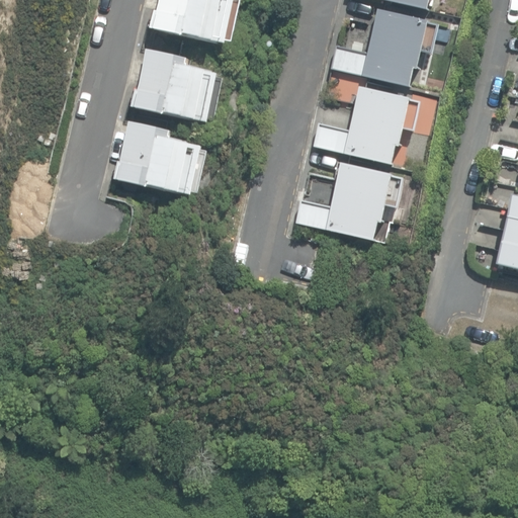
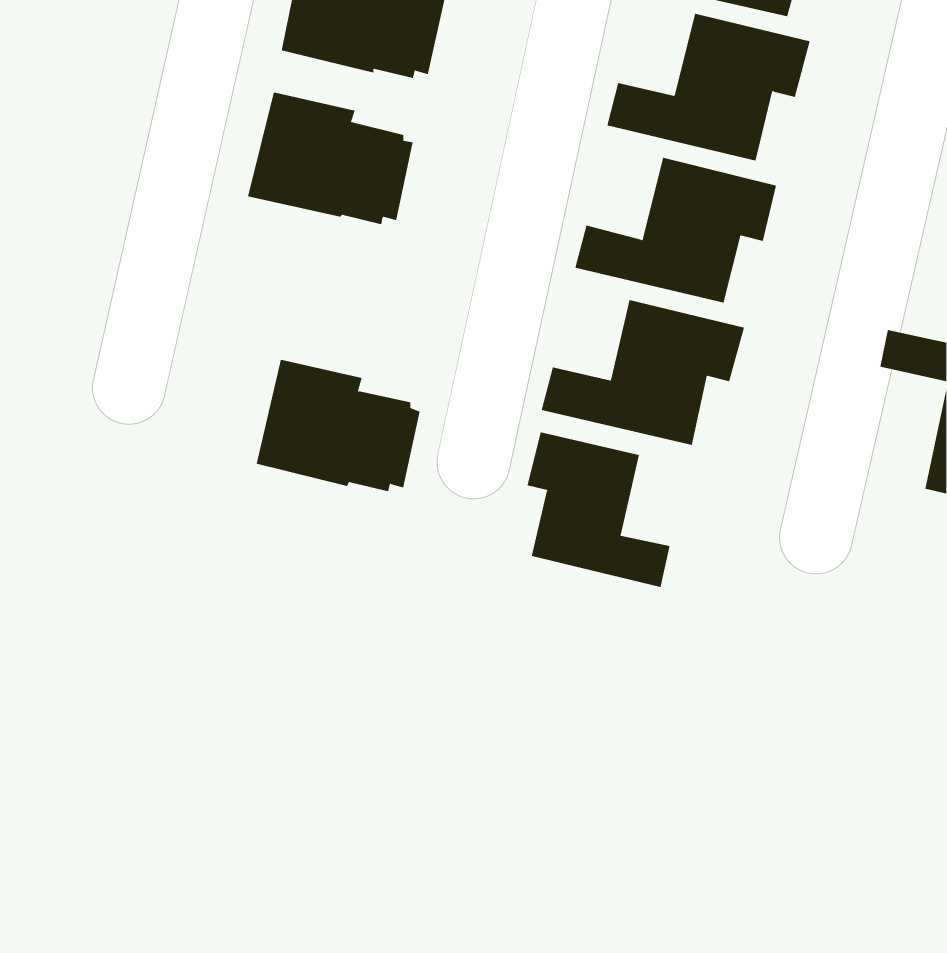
building: [116,121,205,193] -> [256,359,421,492]
building: none -> [527,431,670,588]

